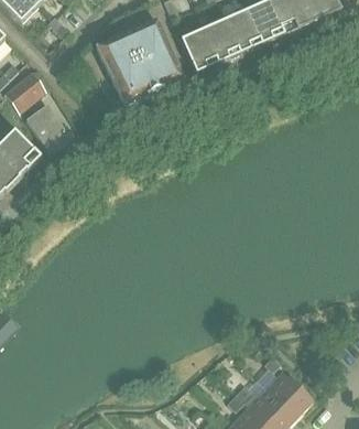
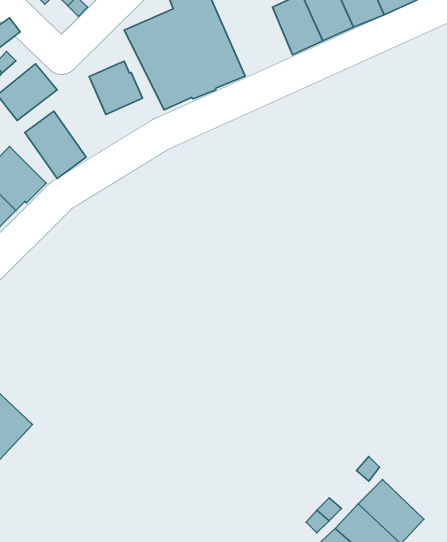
building: [181,26,218,71] -> none
building: none -> [89,61,142,114]

